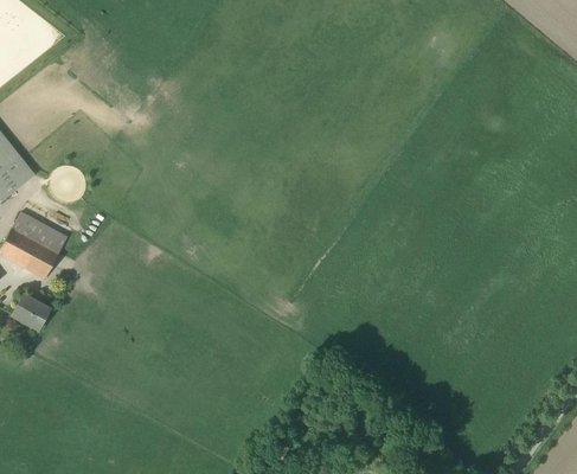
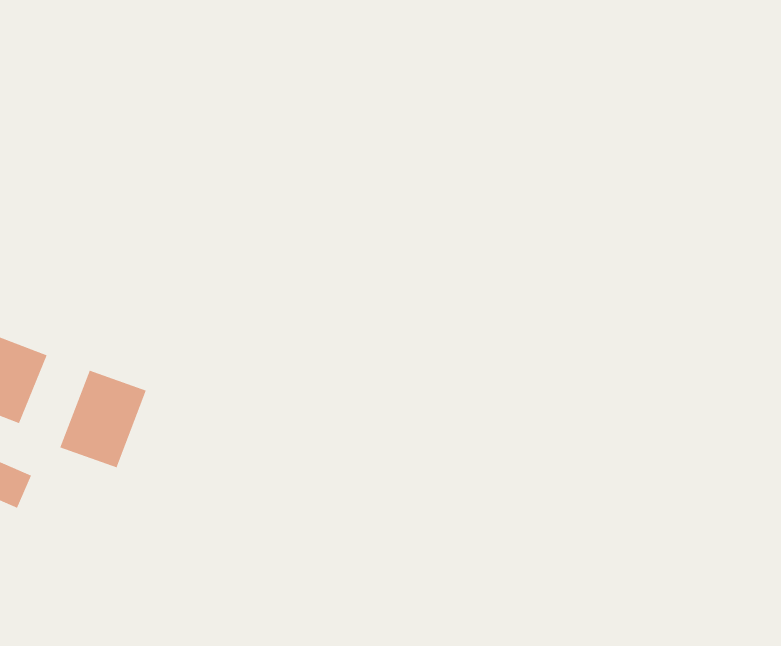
building: none -> [60,370,147,468]

